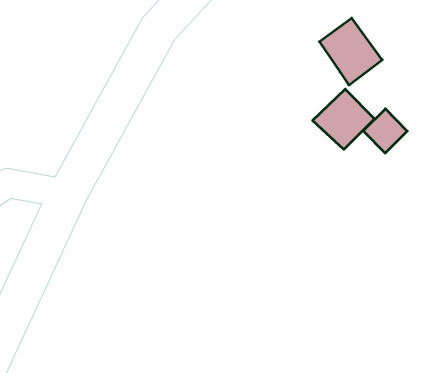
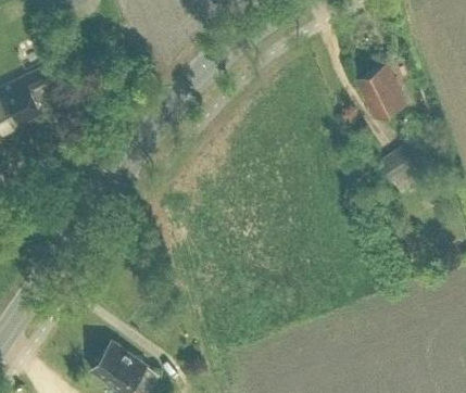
building: [313,89,375,149] -> none

